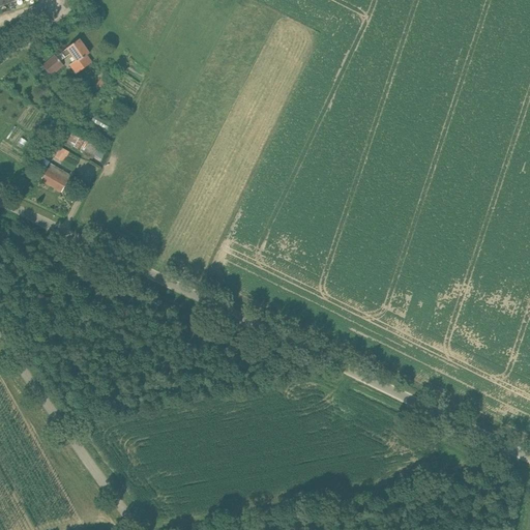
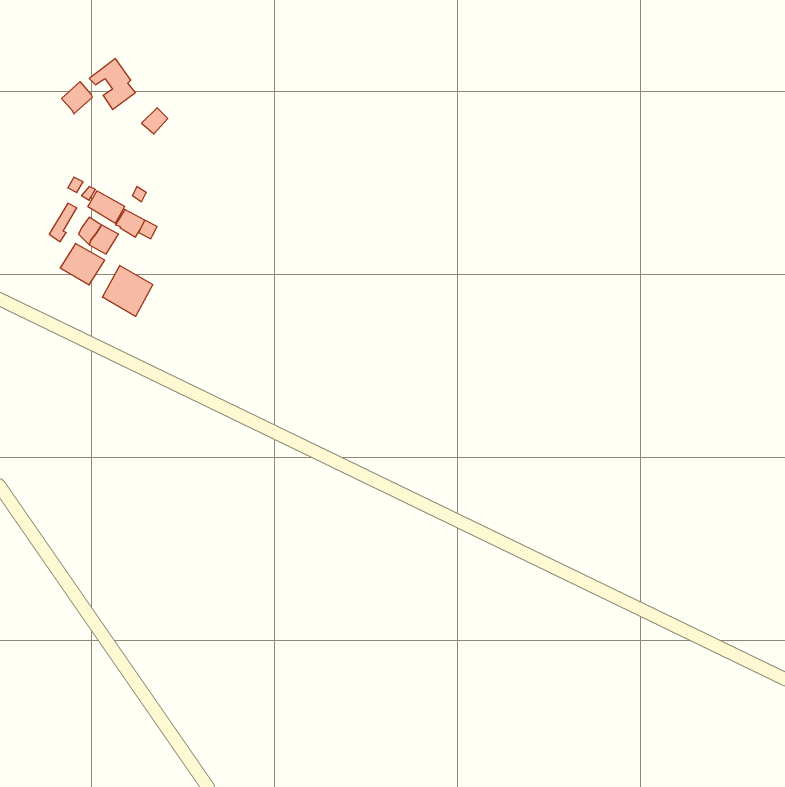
building: none -> [102,265,153,316]

